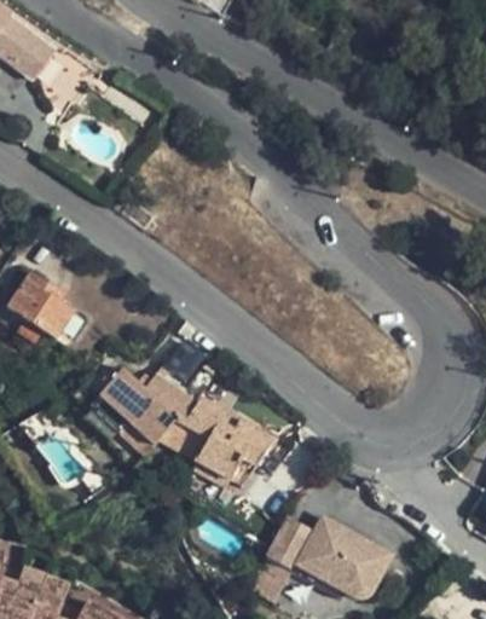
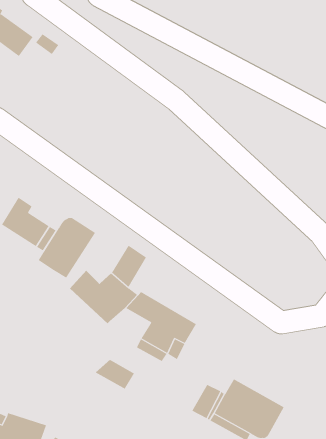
building: none -> [38,217,96,278]
building: [157,418,212,459] -> [95,359,135,389]

